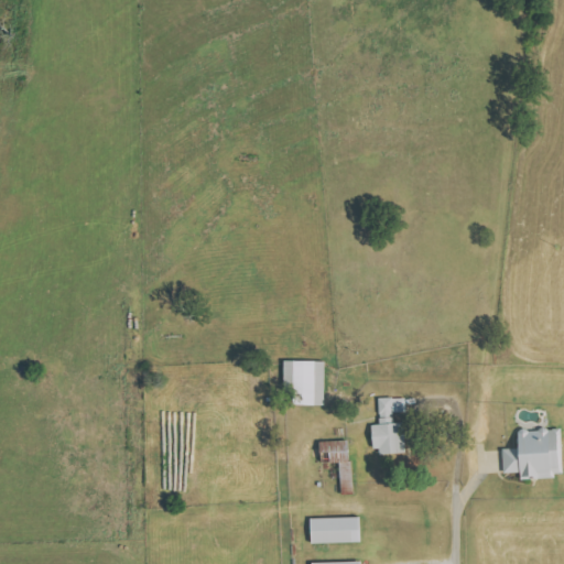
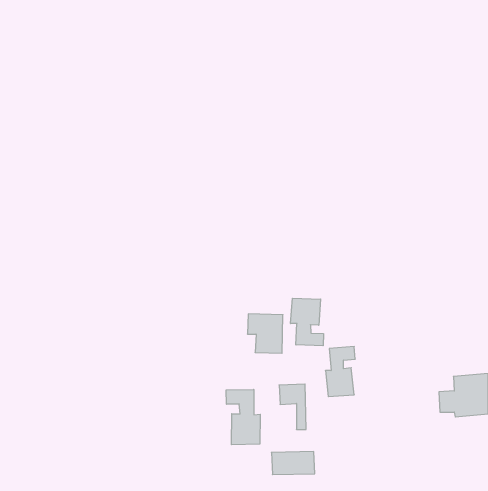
building: none -> [291,298,323,346]
building: none -> [226,389,260,445]

